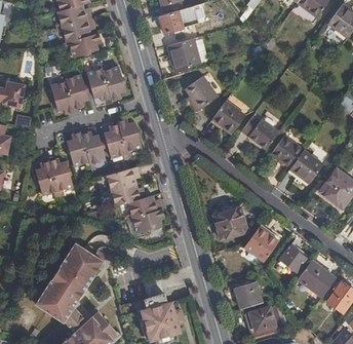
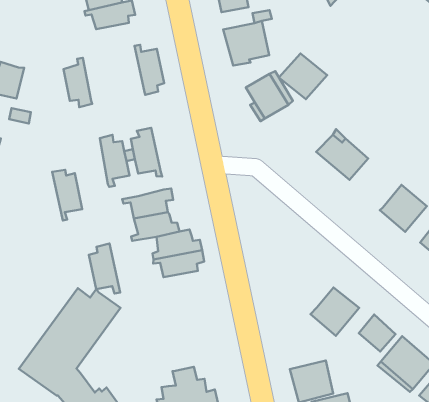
building: [88,60,112,97] -> none
building: [65,70,89,105] -> none
building: [211,101,246,133] -> [279,53,327,99]
building: [118,116,142,153] -> none
building: [67,128,90,165] -> none
building: [271,136,304,167] -> none
building: [35,158,60,194] -> [89,244,120,293]
building: [210,203,252,242] -> none

